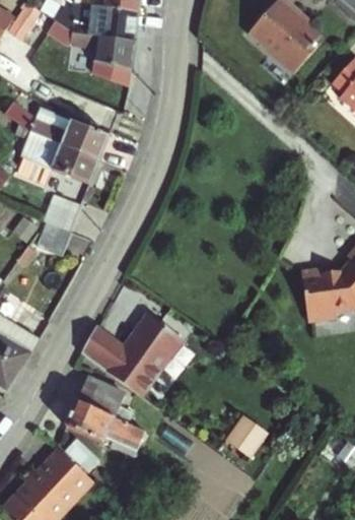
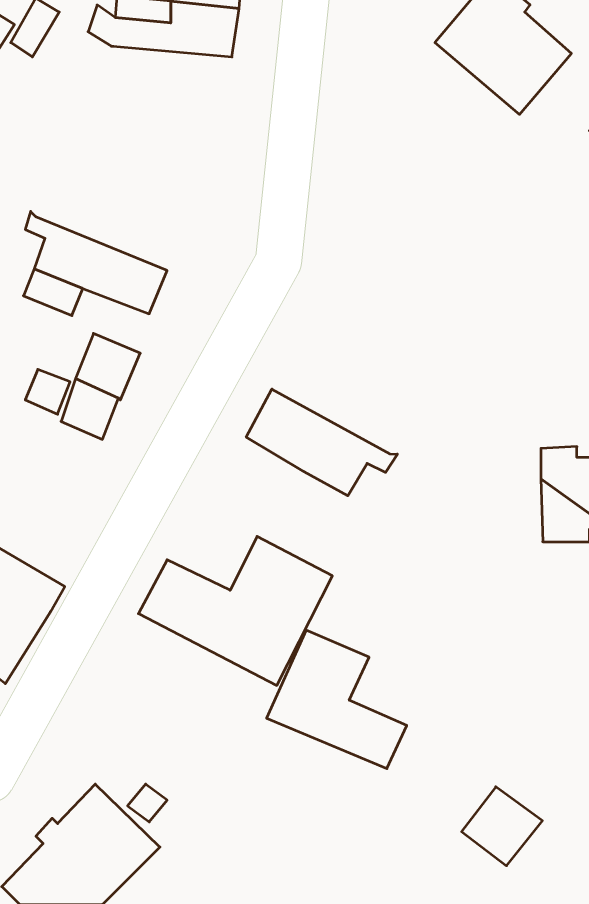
building: [64,34,132,86] -> none
building: [5,104,104,160] -> none
building: none -> [246,389,397,496]
building: [63,379,142,457] -> [267,630,407,769]
building: [226,411,272,456] -> [462,787,542,866]

